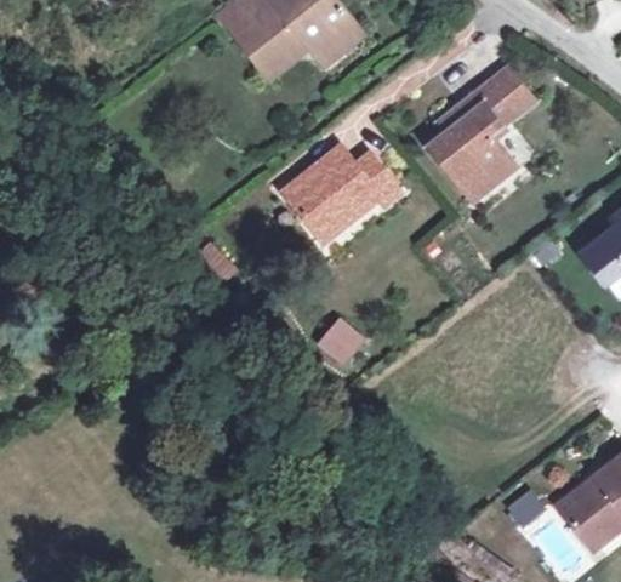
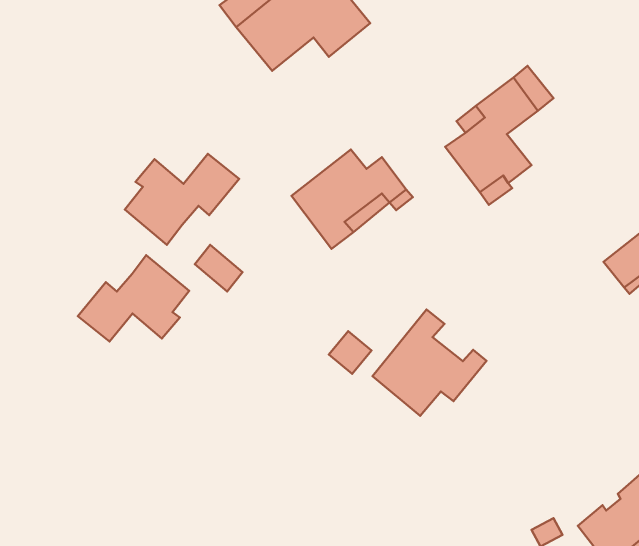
building: none -> [125,154,239,245]
building: none -> [78,255,189,342]
building: none -> [372,310,487,416]

